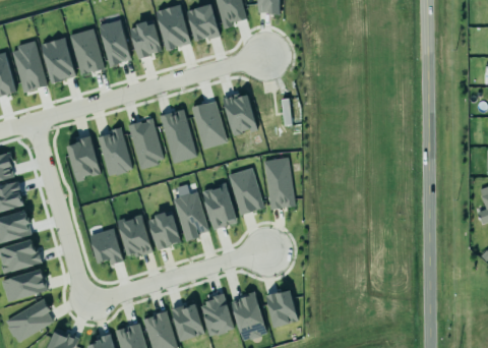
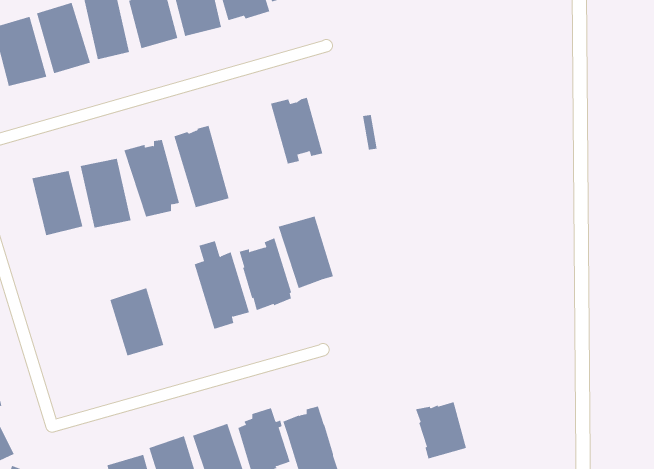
building: [188,98,227,149] -> none
building: [262,156,295,209] -> none
building: [146,211,180,249] -> none
building: [88,227,123,265] -> none
building: [264,289,298,327] -> [415,401,467,459]

